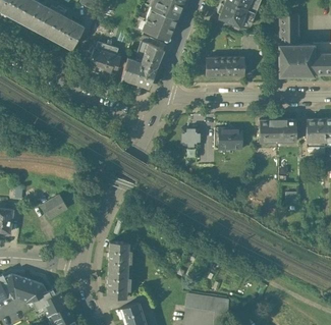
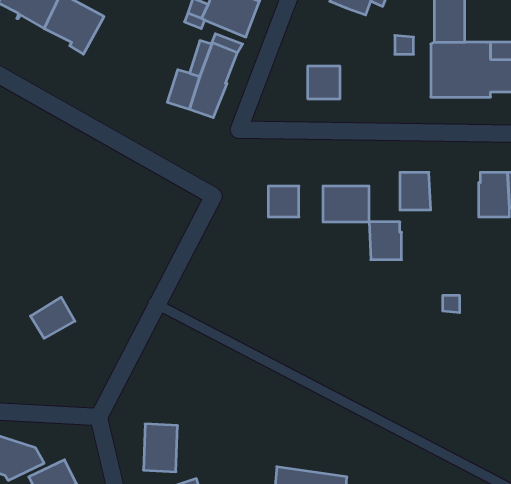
building: [88,43,119,75] -> none
building: [224,58,243,77] -> none
building: [277,121,296,144] -> [369,222,402,260]
building: [108,243,128,272] -> none

